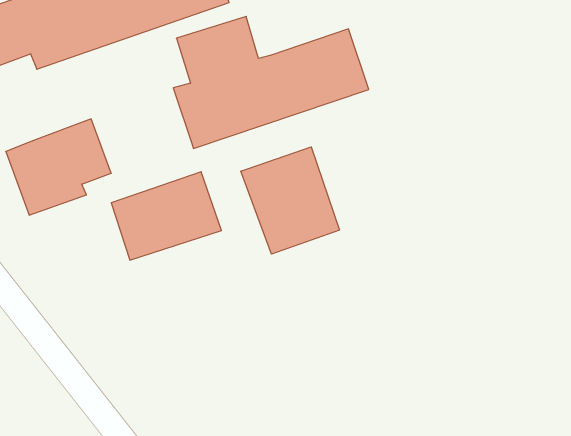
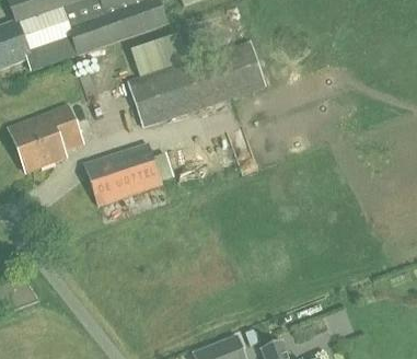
building: [241,147,339,254] -> none

